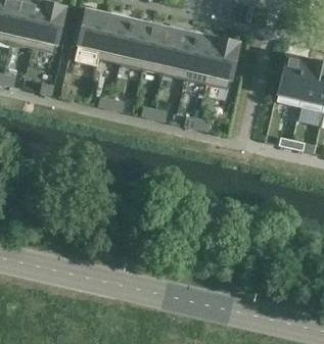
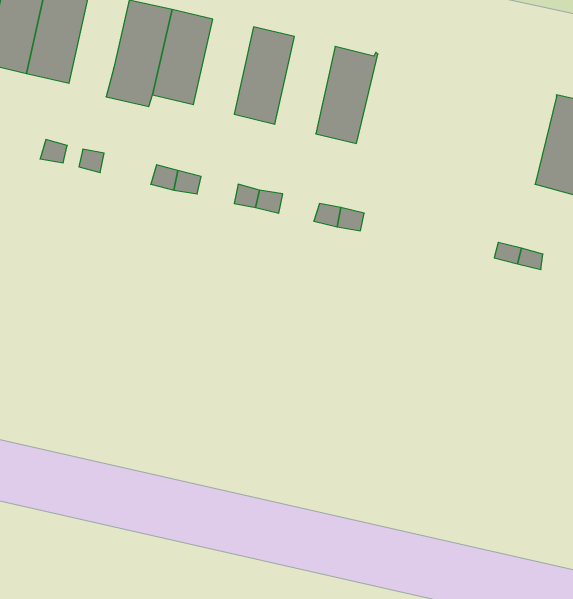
building: [121,19,152,69] -> none
building: [164,29,195,80] -> none
building: [206,38,239,90] -> none
building: [277,54,312,106] -> none

